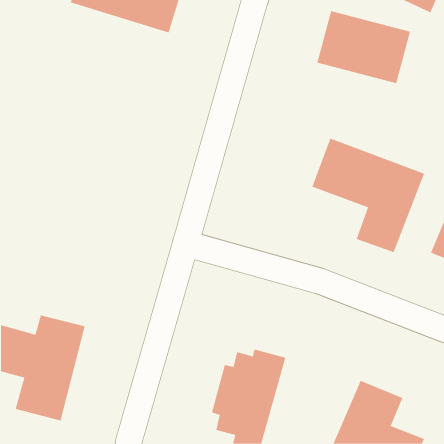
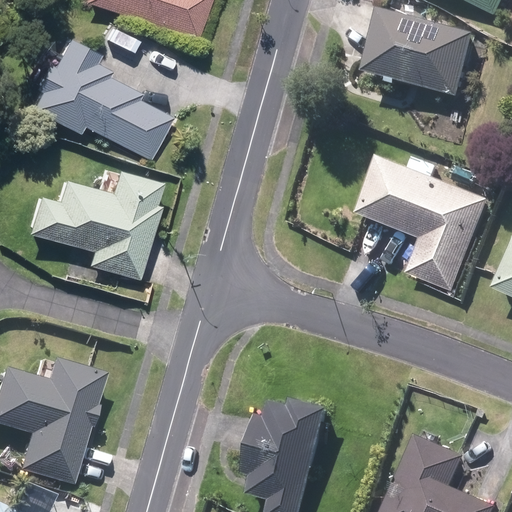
building: none -> [28,39,169,157]
building: none -> [22,170,156,275]

